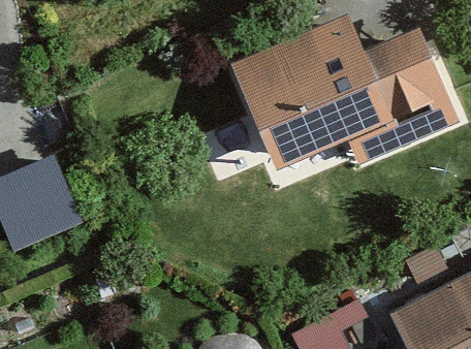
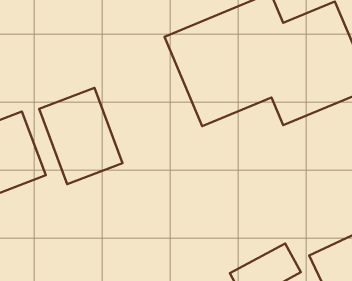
building: none -> [39,88,123,184]

